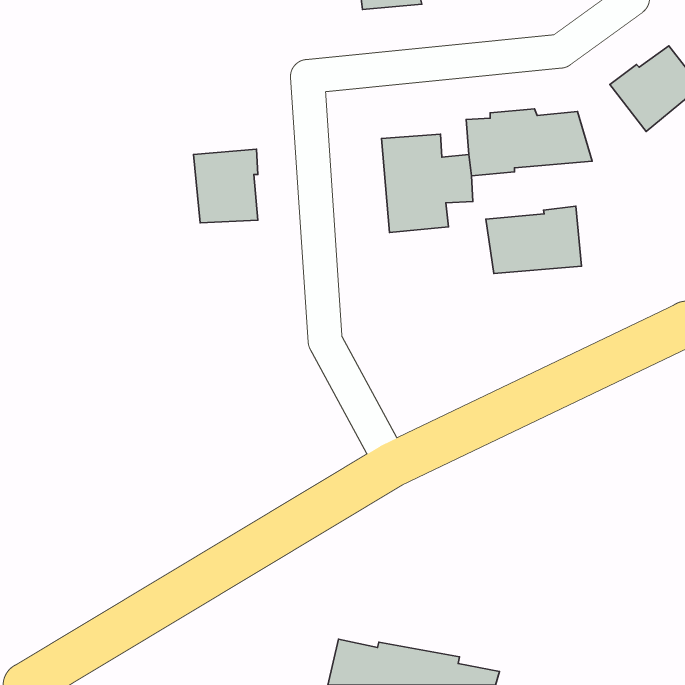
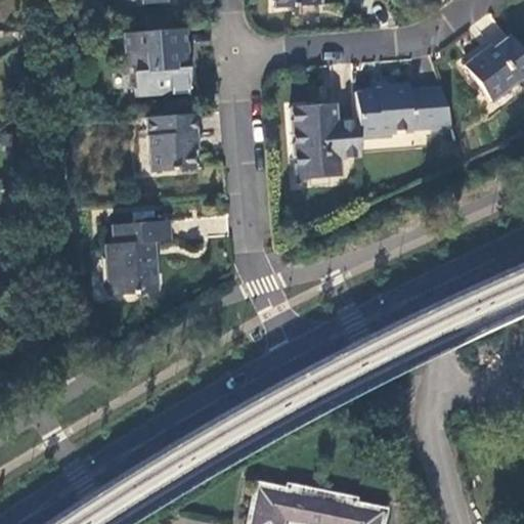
building: none -> [124,28,194,99]
building: [486,206,581,274] -> none
building: none -> [110,219,172,294]

